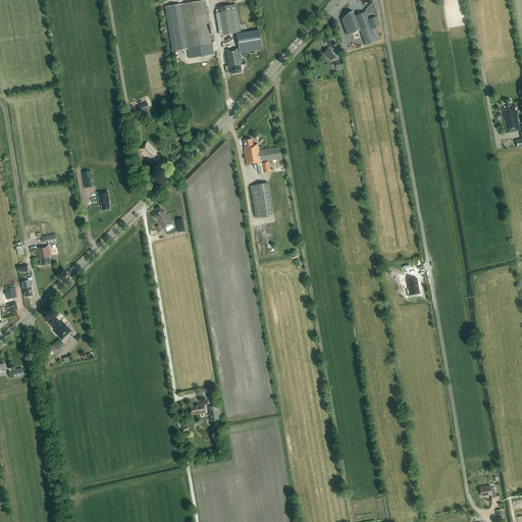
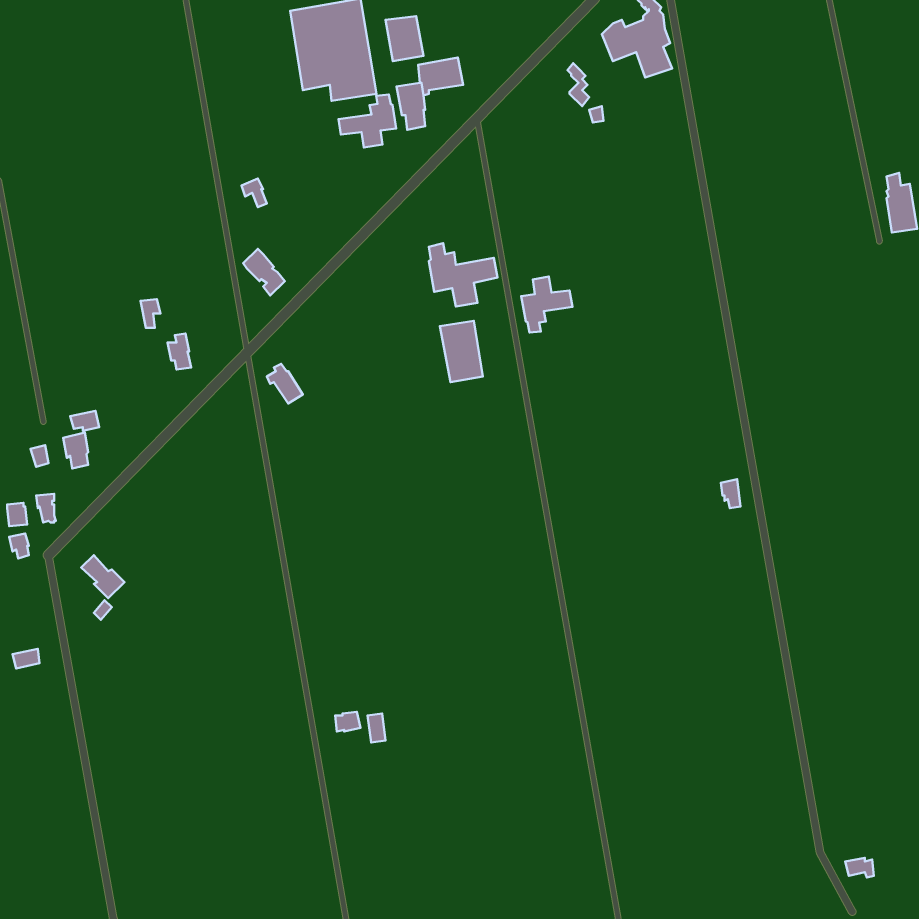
building: none -> [339,95,396,147]
building: none -> [521,276,572,332]

